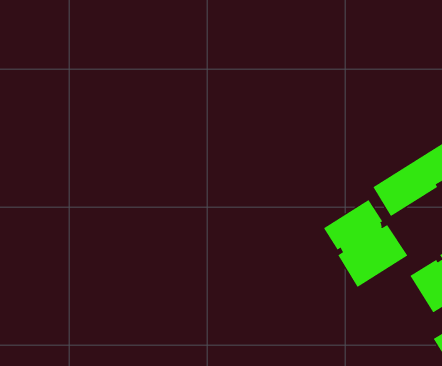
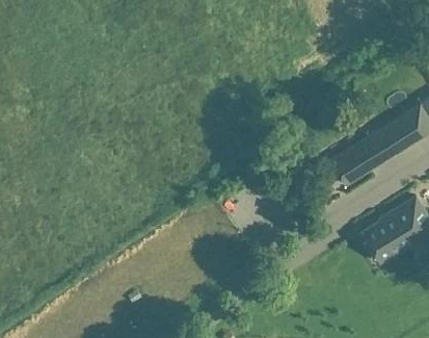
building: [323,199,408,288] -> none

